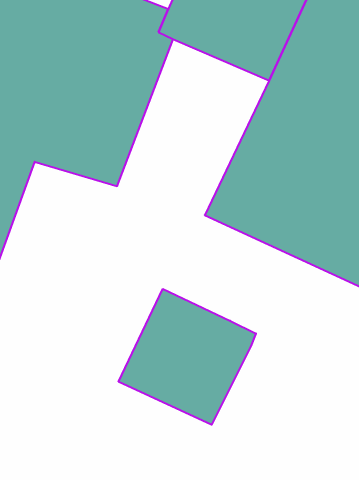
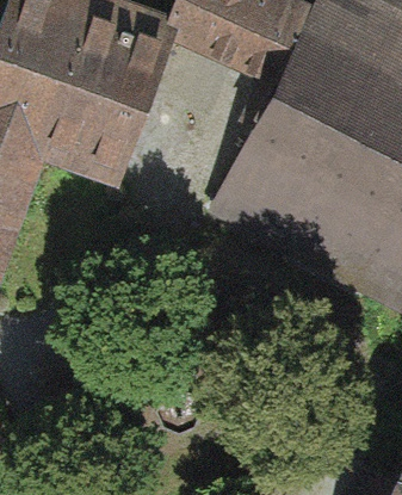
building: [119,289,256,425] -> none

